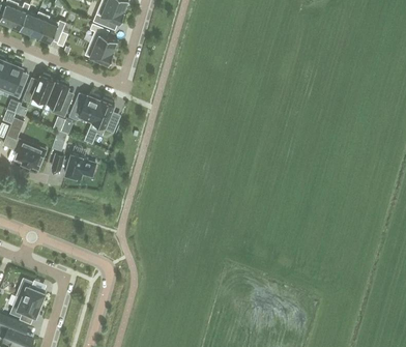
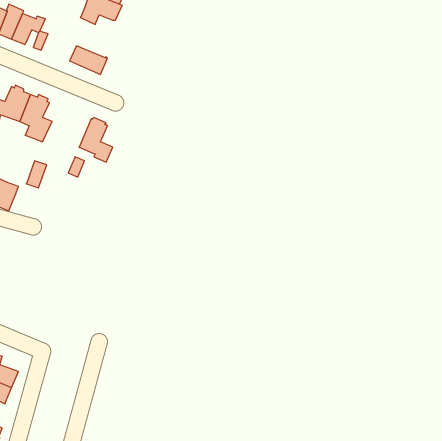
building: [90,24,117,53] -> none
building: [69,93,102,121] -> none
building: [52,154,95,179] -> none

